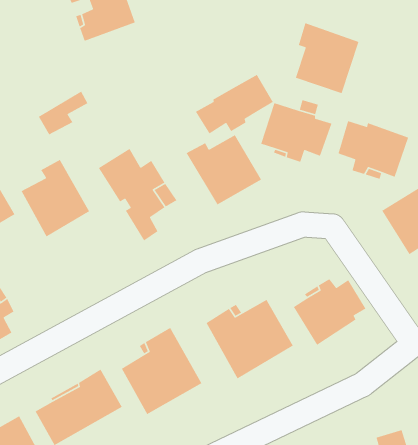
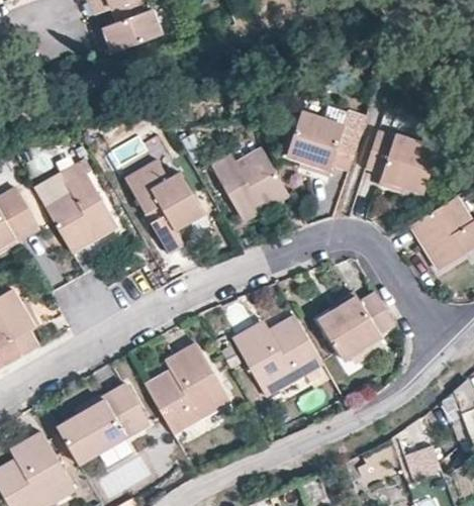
building: [295,22,359,94] -> none
building: [195,74,274,134] -> none
building: [38,91,89,135] -> [33,159,85,204]

